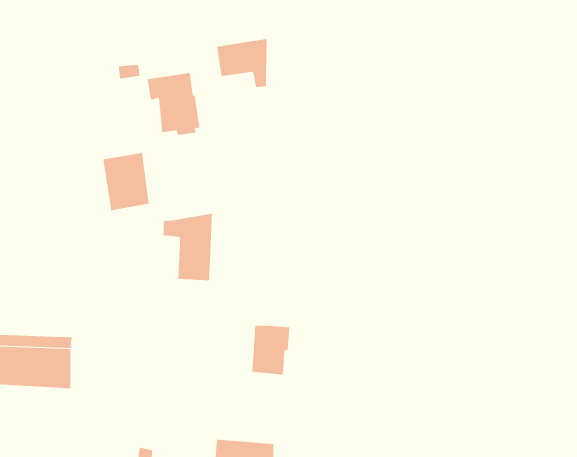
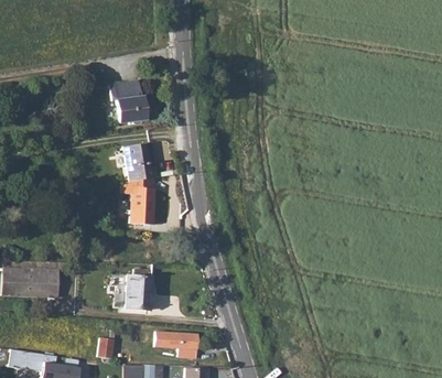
building: [216,38,267,88] -> none
building: [103,153,149,211] -> [123,141,155,181]
building: [251,325,290,375] -> [127,276,153,310]

